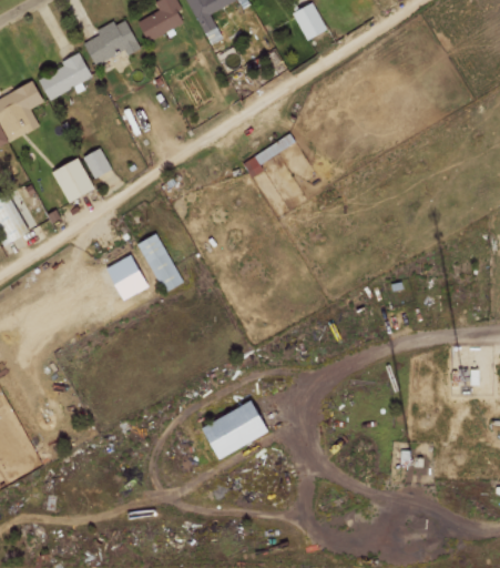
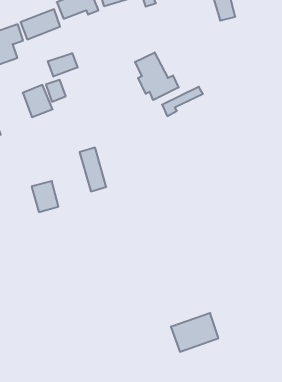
building: none -> [135,52,179,100]
building: none -> [48,53,78,77]
building: [109,254,149,298] -> [32,181,58,212]
building: [206,399,273,457] -> [171,313,218,352]

